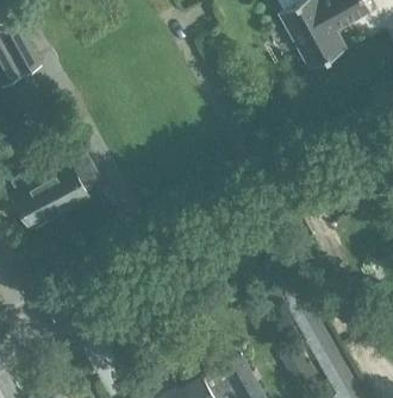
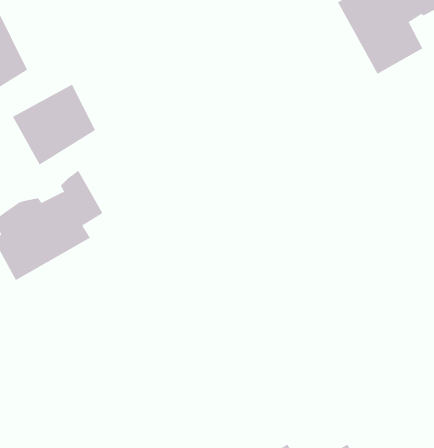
building: none -> [12,84,96,166]

